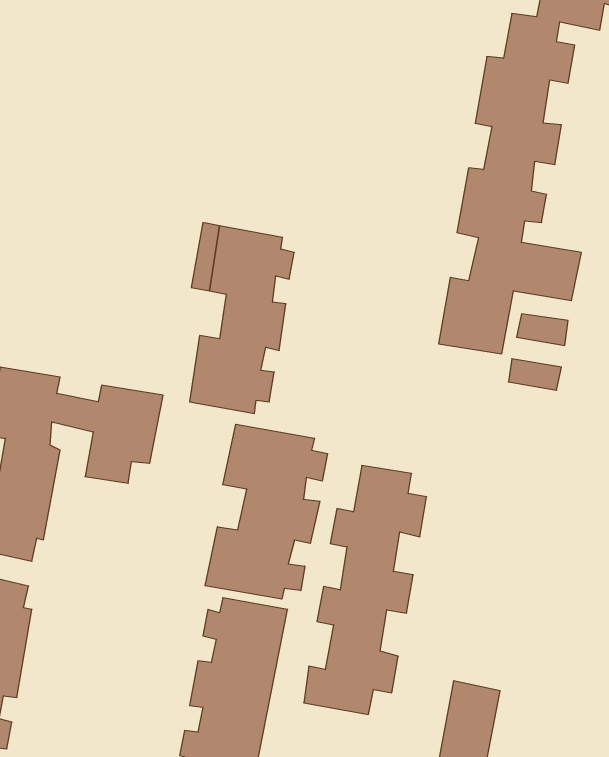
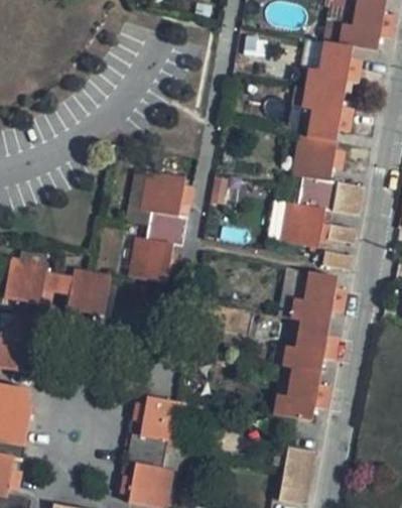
building: [205,424,327,599] -> none
building: [304,465,427,714] -> [273,271,348,422]

